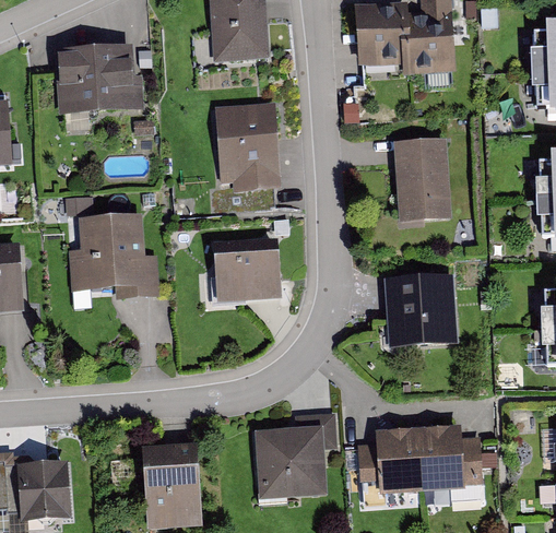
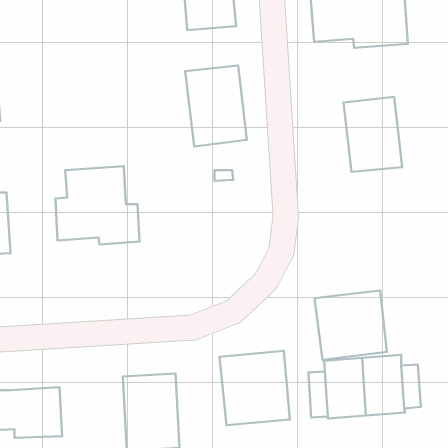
building: [55,43,145,117] -> none
building: [208,237,275,301] -> none
building: [382,271,463,348] -> [315,290,387,360]

